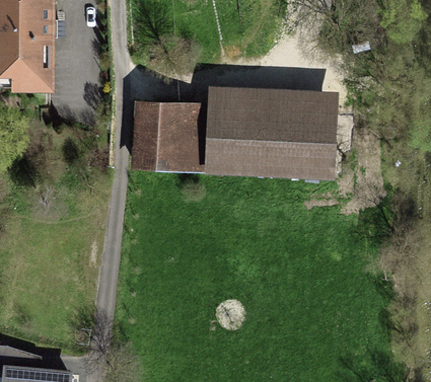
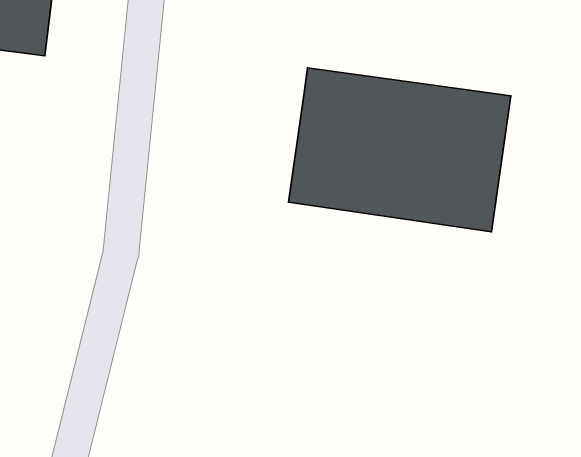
building: [137,94,213,169] -> none

